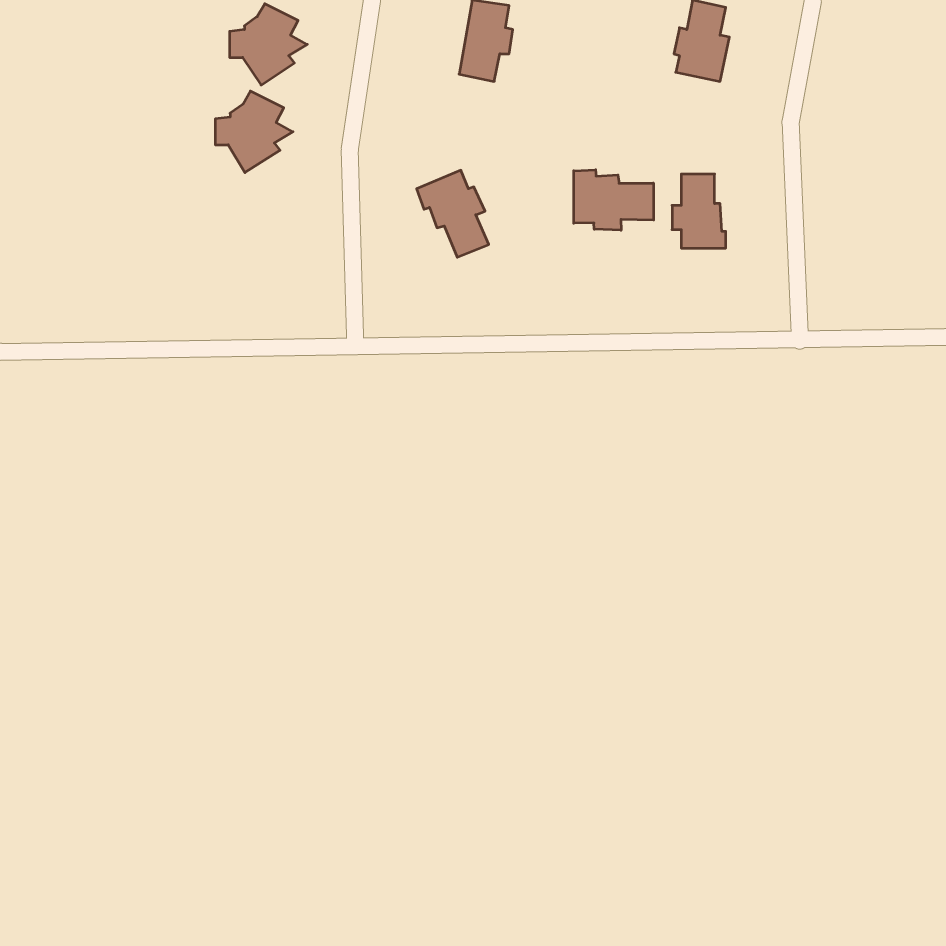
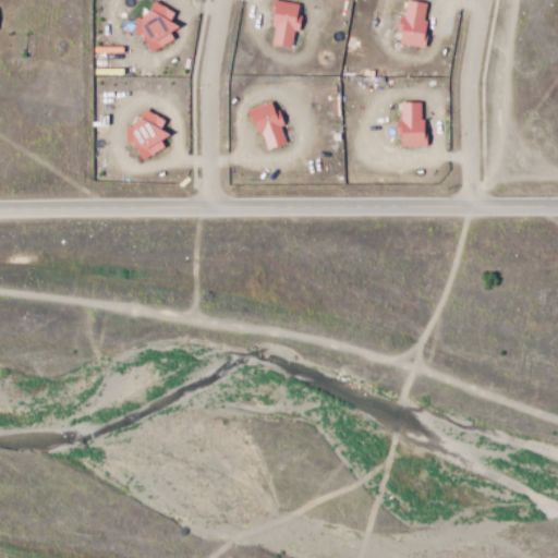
building: [215,91,293,173] -> [125,111,171,159]
building: [574,170,654,230] -> none

